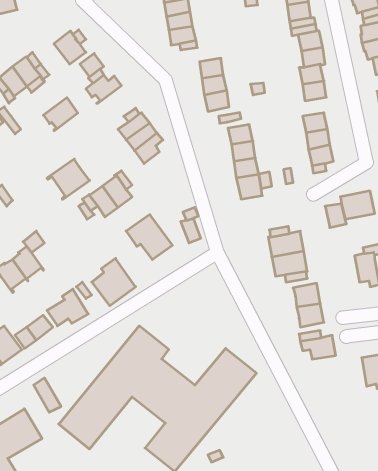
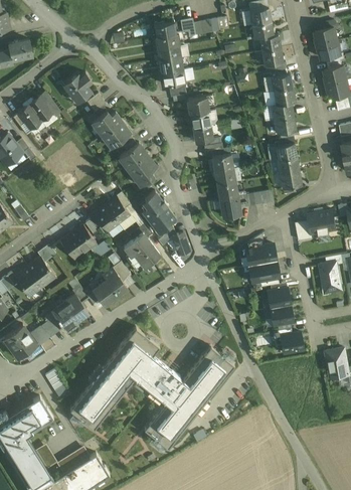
building: [43,98,78,131] -> [101,121,130,149]
building: [47,159,90,199] -> [59,225,96,260]
building: none -> [142,191,174,232]

